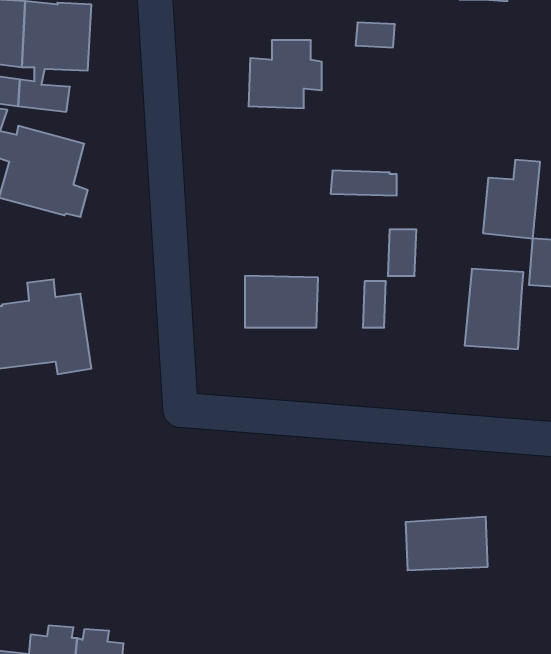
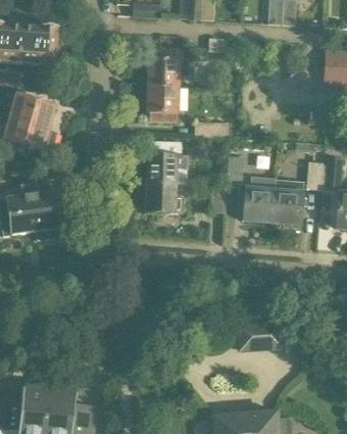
building: none -> [147,85,179,119]
building: [483,160,540,238] -> [242,177,275,222]
building: none -> [145,141,187,183]

